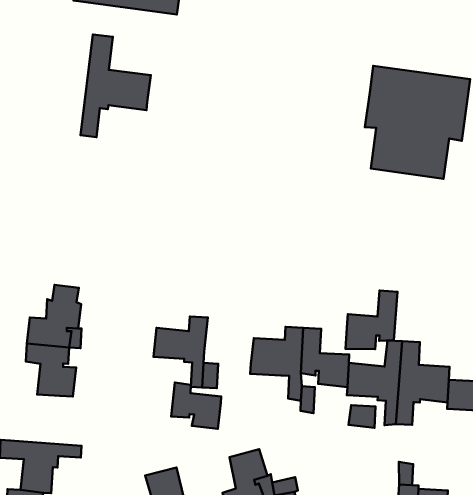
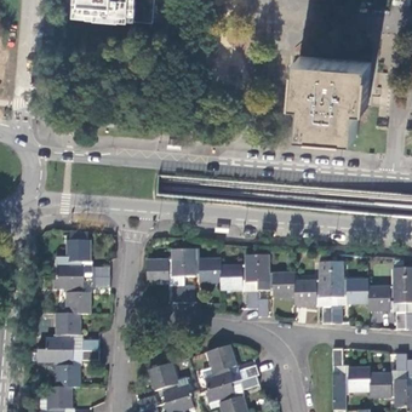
building: [80,34,151,137] -> none
building: [345,290,398,349] -> none
building: [171,382,221,429] -> [184,250,221,282]
building: none -> [44,313,97,350]

